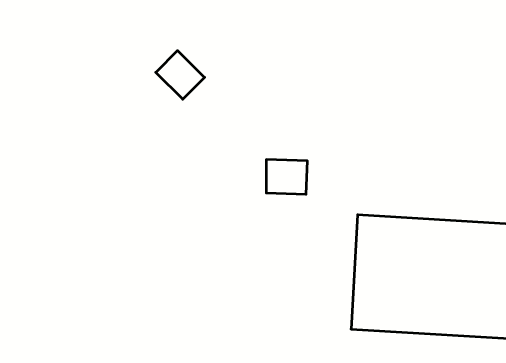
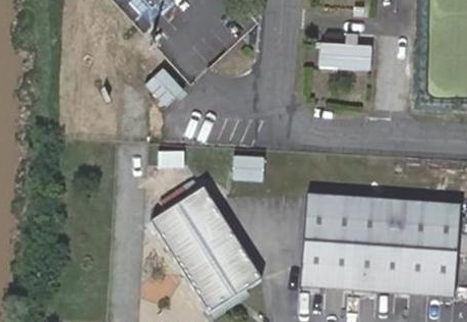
building: none -> [320,40,374,68]
building: none -> [152,186,260,310]

